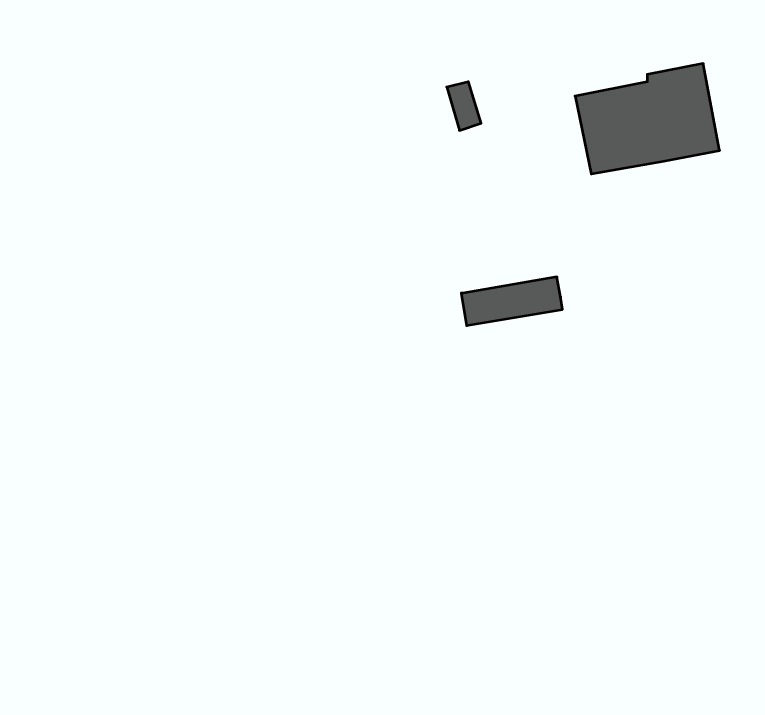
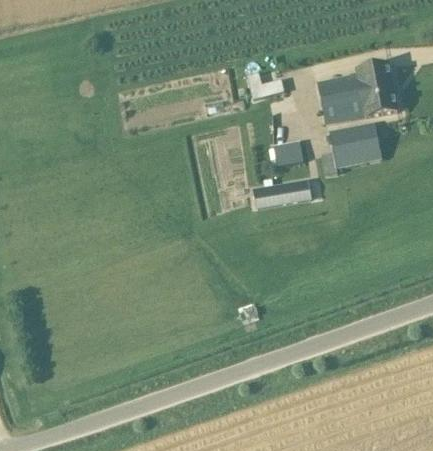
building: none -> [322,122,384,177]
building: none -> [272,140,301,164]

